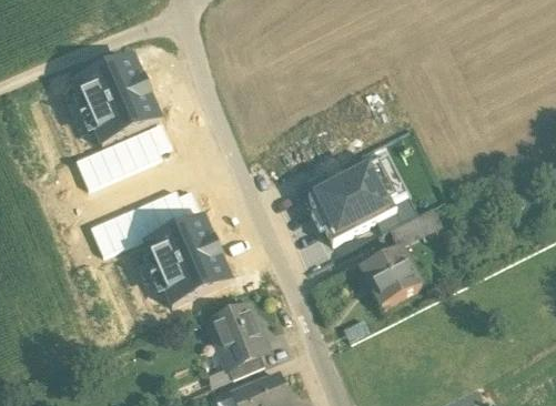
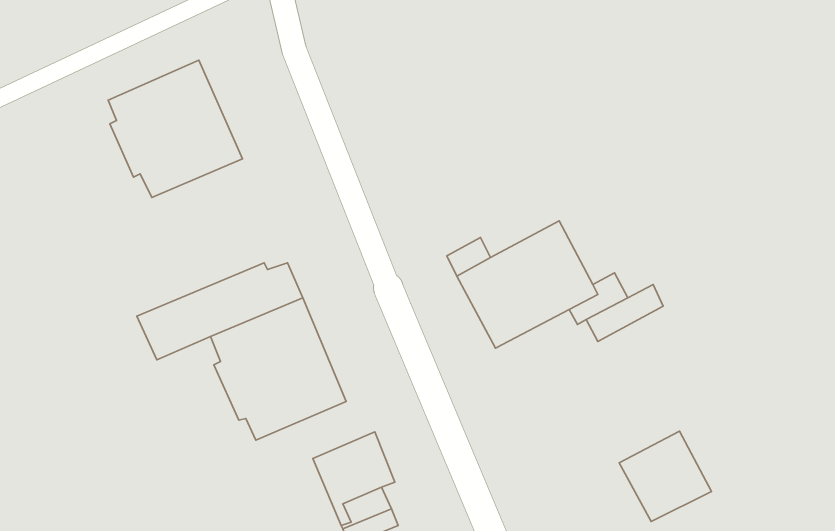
building: [78,122,172,186] -> none
building: [361,246,422,306] -> [619,431,712,522]

